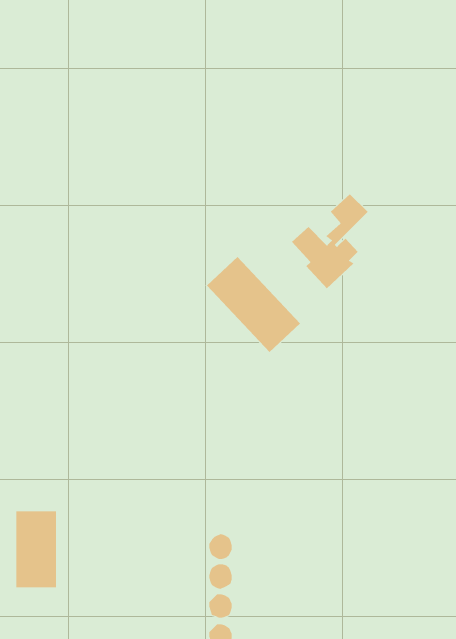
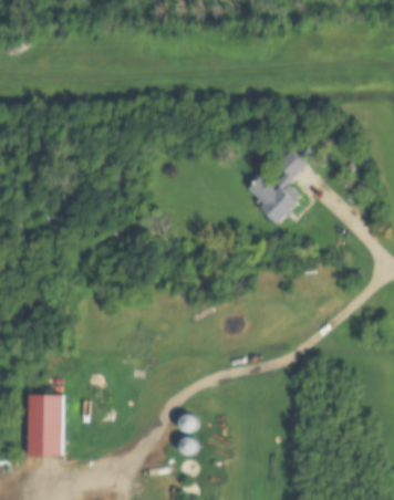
building: [206,256,301,353] -> none

